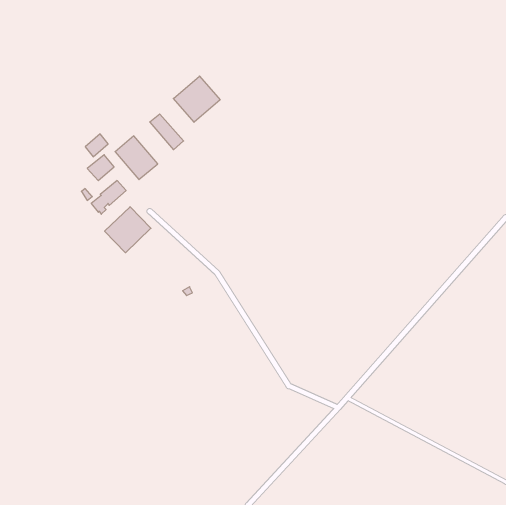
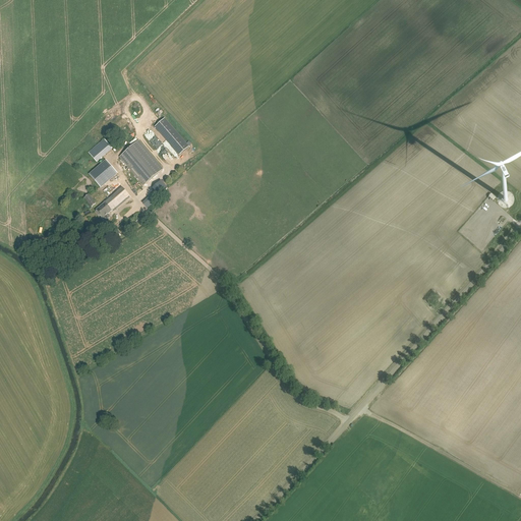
building: [173,76,220,122] -> none
building: [105,207,151,253] -> none

